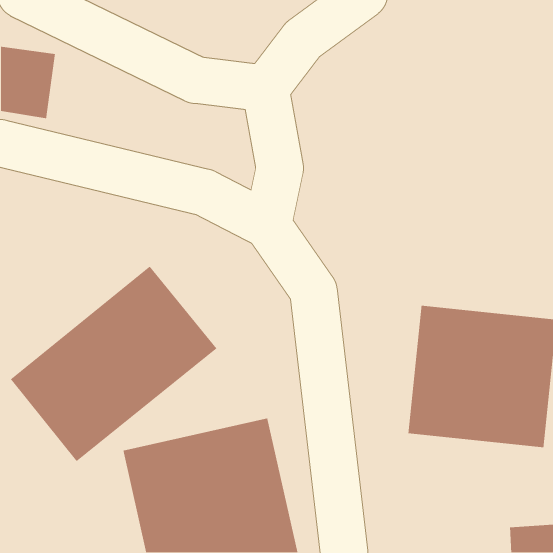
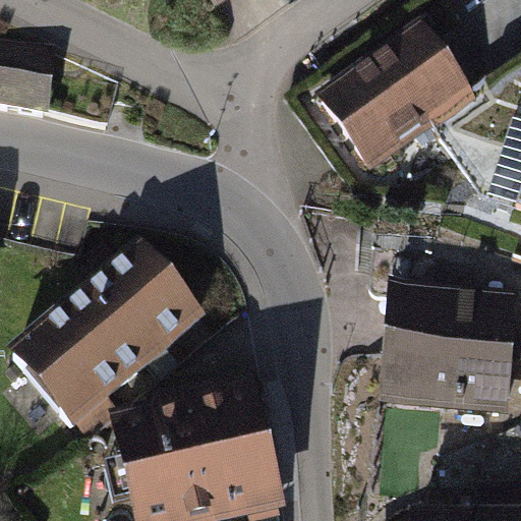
building: none -> [323,23,477,169]

